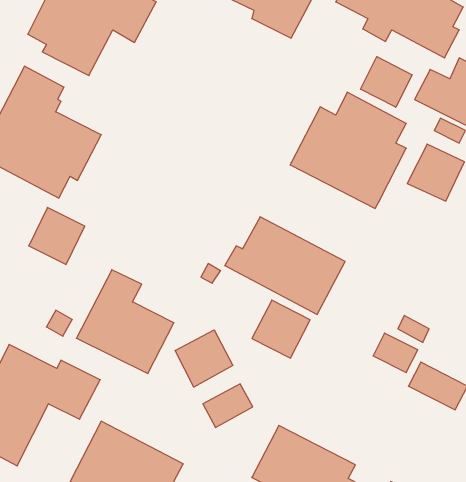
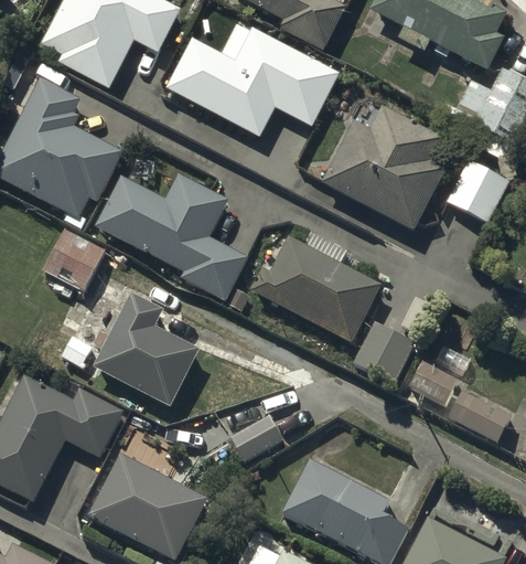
building: none -> [165,28,339,138]
building: [361,57,412,107] -> none
building: none -> [93,169,246,297]
building: [252,300,310,358] -> [353,320,415,382]
building: [175,330,233,387] -> none

